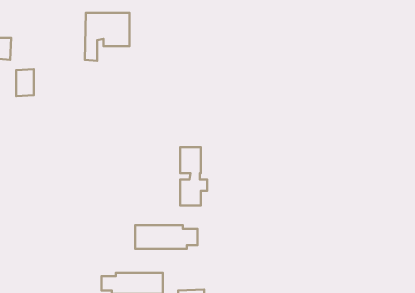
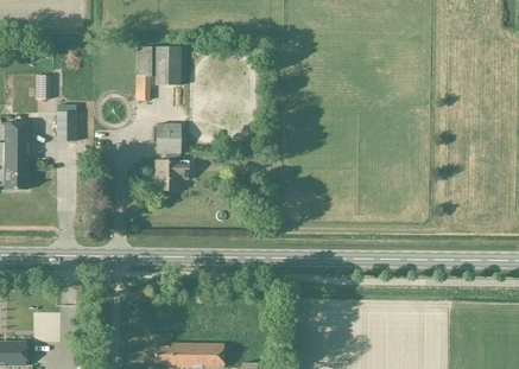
building: [180,147,207,206] -> [156,125,186,191]
building: [135,225,198,249] -> none

